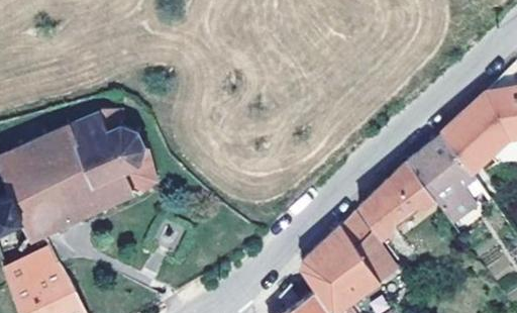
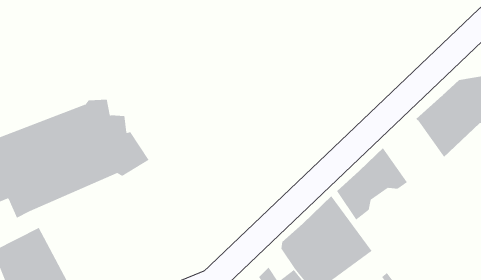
building: [406,136,476,225] -> none

